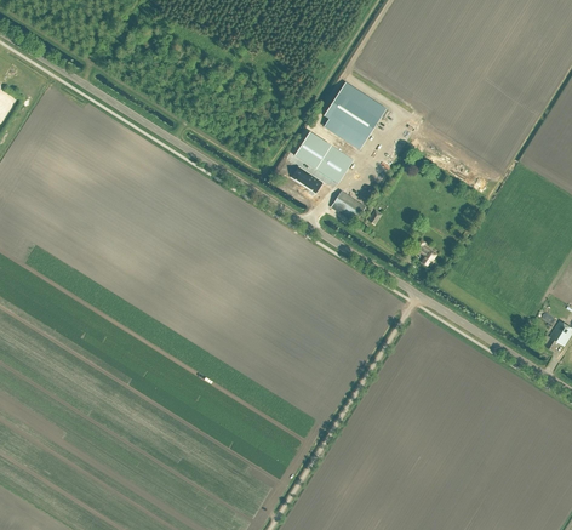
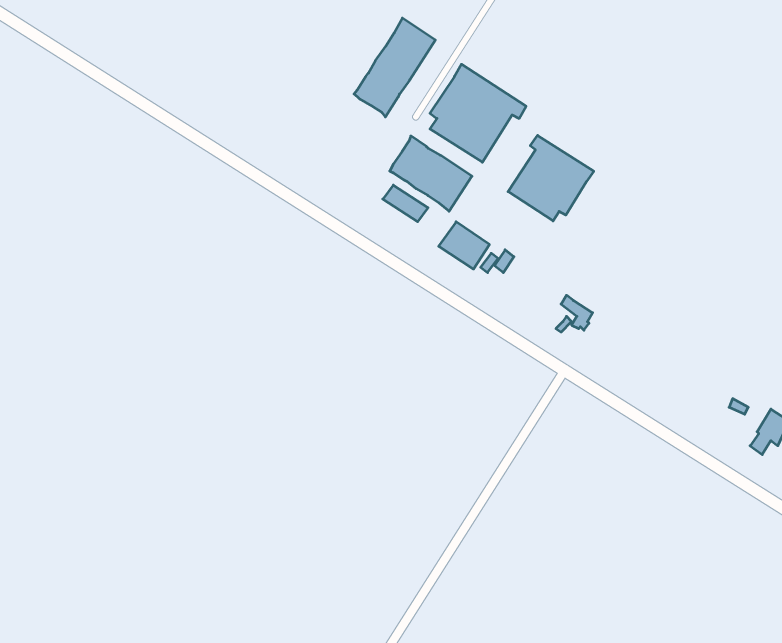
building: none -> [354,18,435,117]
building: none -> [508,135,594,221]

